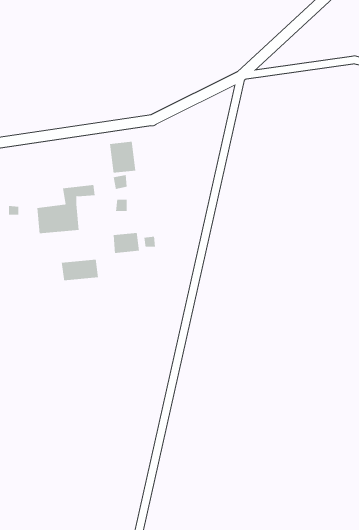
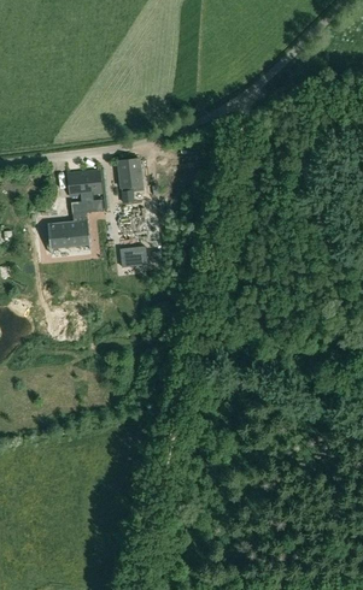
building: none -> [69,171,101,197]
building: [61,259,99,281] -> none

